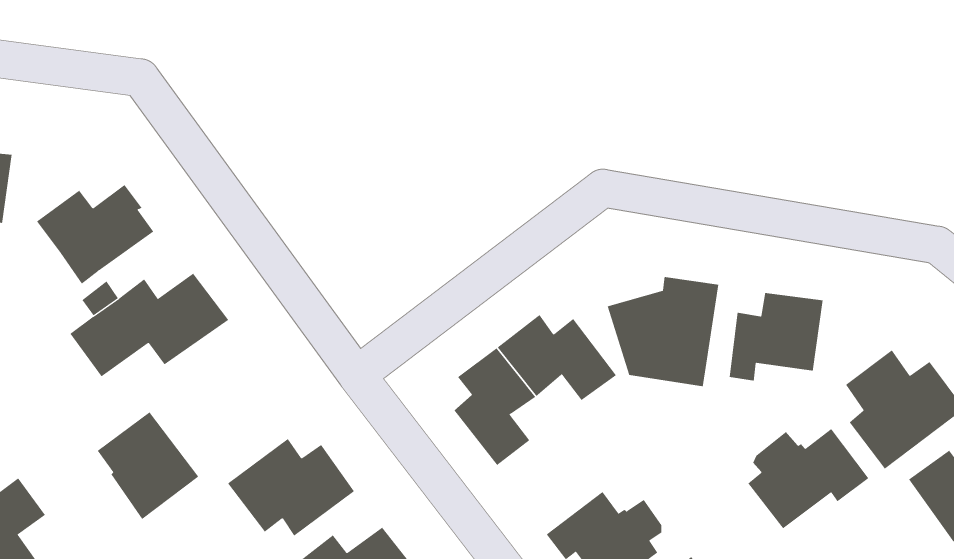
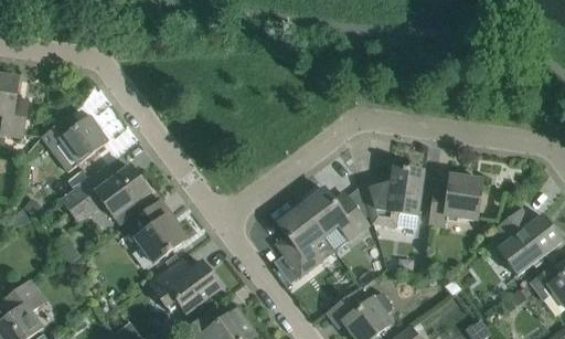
building: [97,411,199,520] -> [128,202,185,263]
building: [747,428,869,529] -> none

